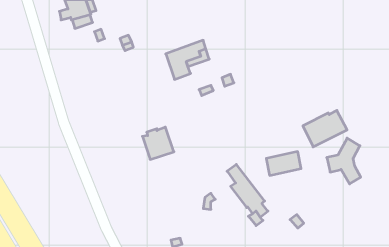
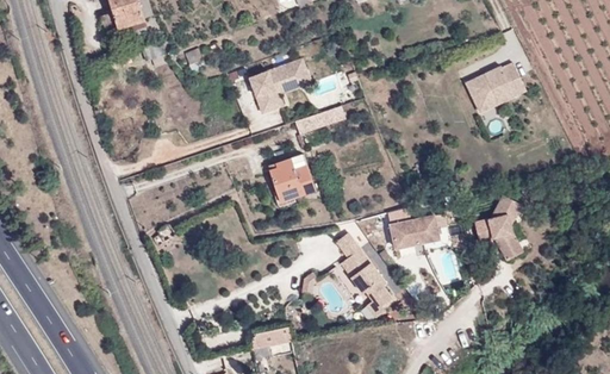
building: [303,110,347,147] -> [465,61,527,112]
building: [142,127,174,159] -> [270,156,315,201]

